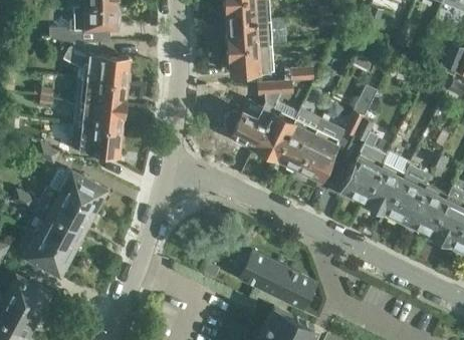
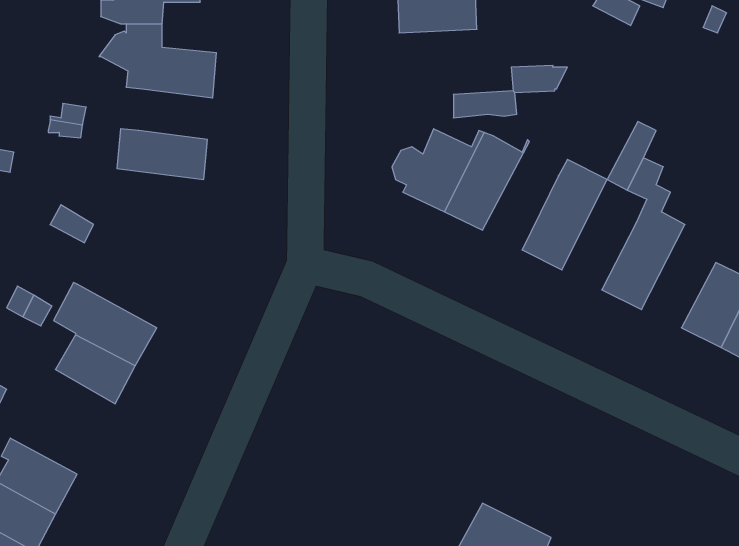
building: [229,46,274,73] -> none
building: [75,78,126,107] -> none
building: [275,108,321,168] -> none
building: [71,124,121,155] -> none
building: [364,150,411,212] -> none
building: [50,169,105,212] -> none
building: [22,235,71,276] -> none
building: [241,253,315,308] -> none

